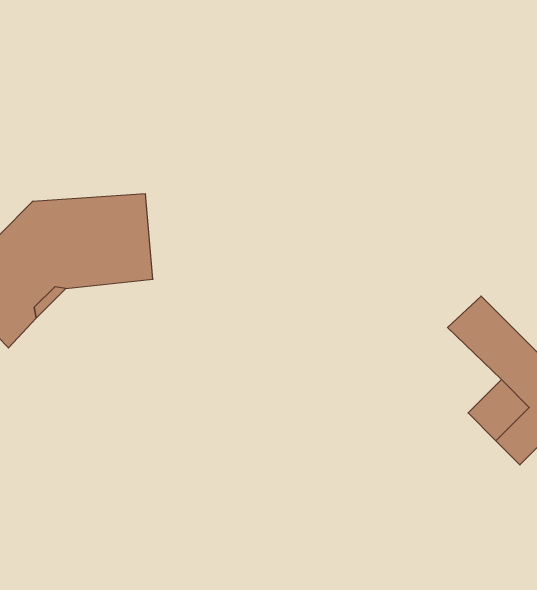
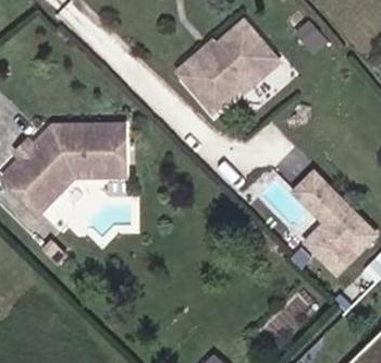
building: none -> [188,16,281,107]

